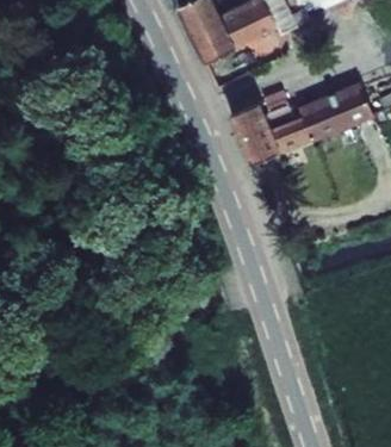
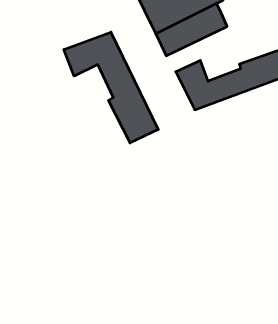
building: none -> [64,32,158,143]

